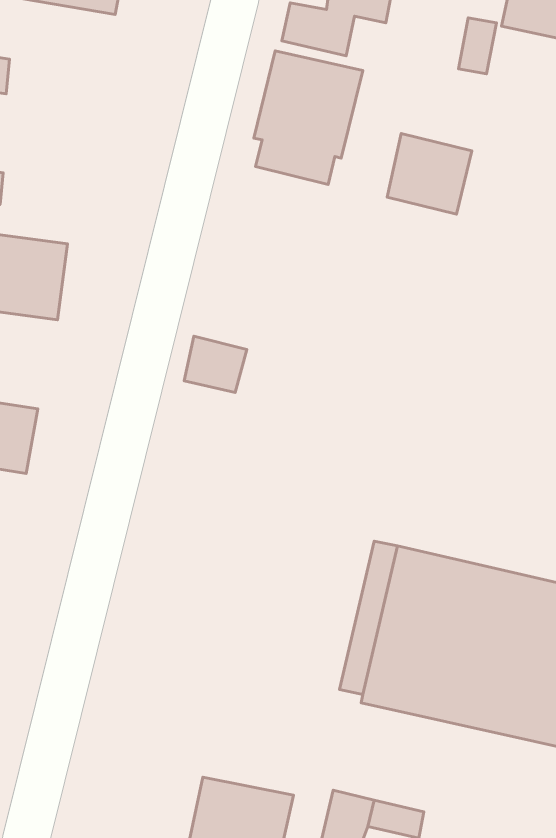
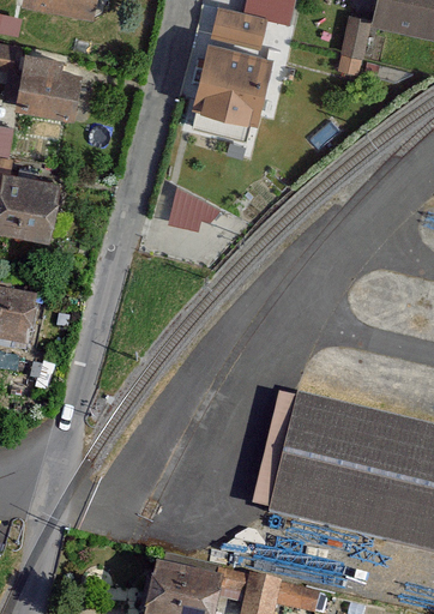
building: none -> [17,53,80,116]
building: [387,134,472,214] -> none
building: [184,336,247,392] -> [171,186,217,227]

